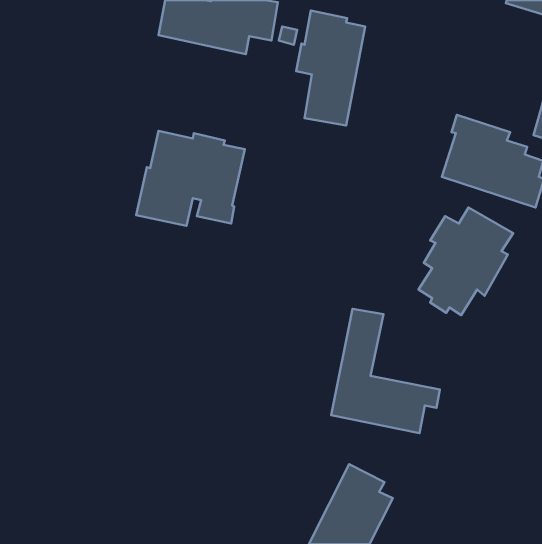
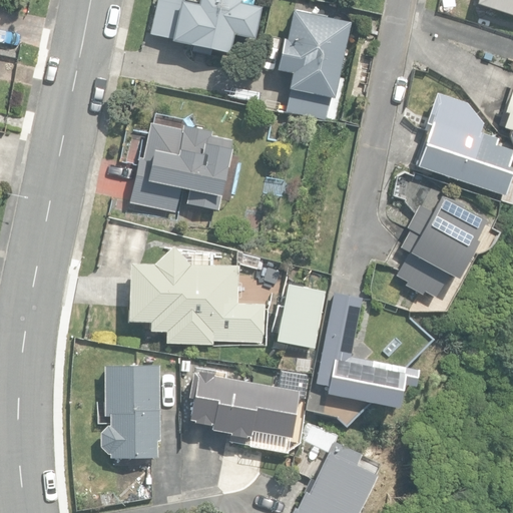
building: none -> [129,244,267,345]
building: none -> [276,283,325,347]
building: none -> [102,366,160,458]
building: none -> [190,369,300,448]

